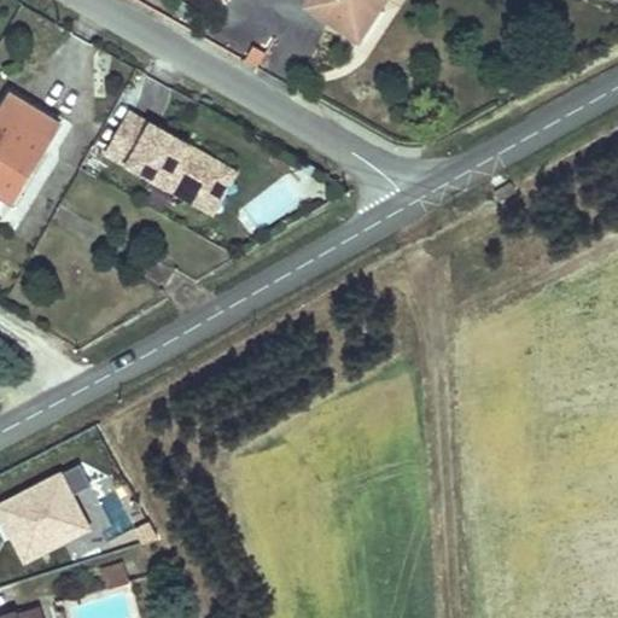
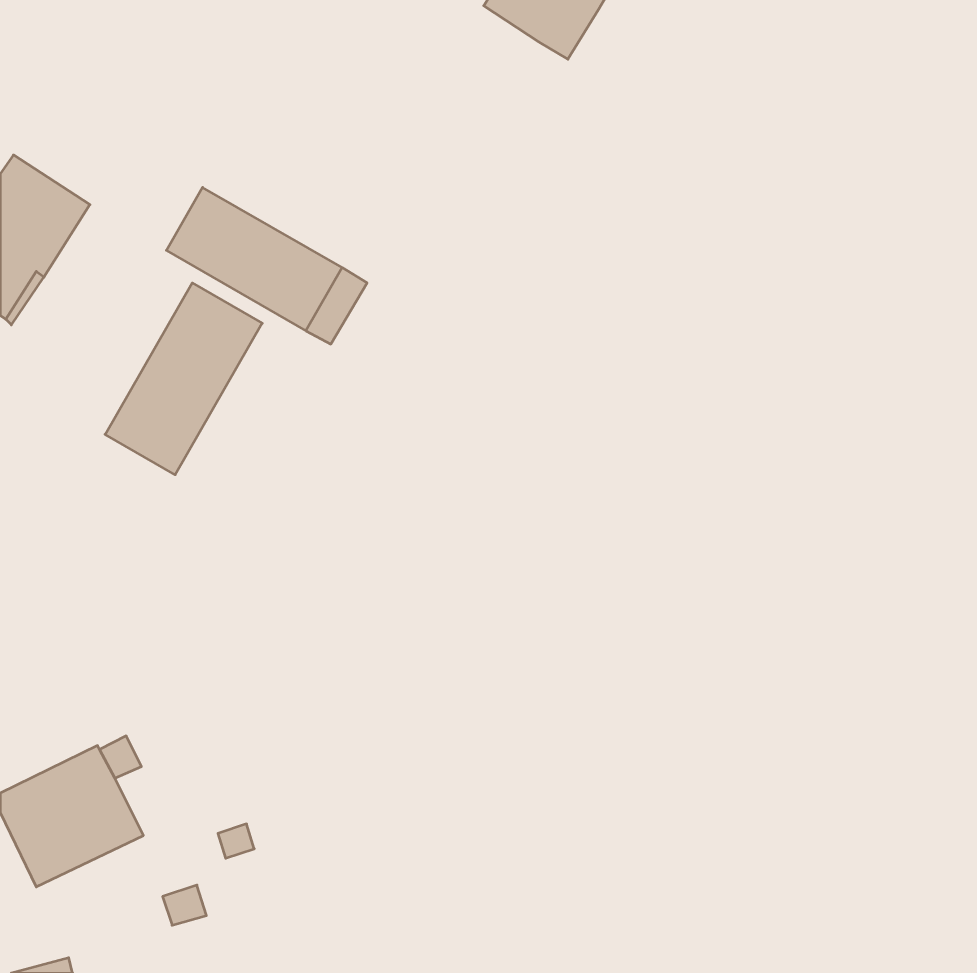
building: none -> [105,283,262,475]

